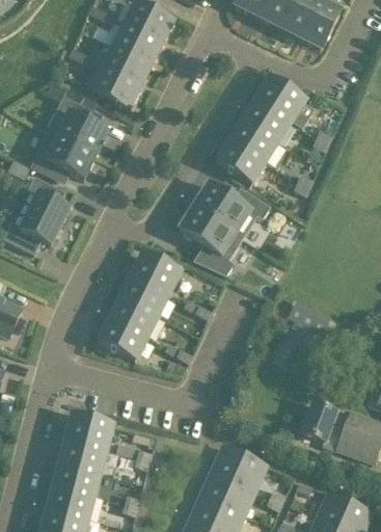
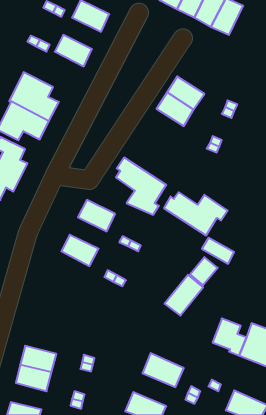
building: [113,26,161,65] -> none
building: [91,69,139,109] -> none
building: [256,79,304,122] -> none
building: [218,140,265,183] -> none
building: [190,182,270,236] -> [164,192,228,235]
building: [121,276,168,316] -> none
building: [100,319,146,360] -> none
building: none -> [165,275,203,316]
building: [65,415,110,448] -> none
building: [201,472,254,513] -> none
building: [48,484,92,517] -> none

